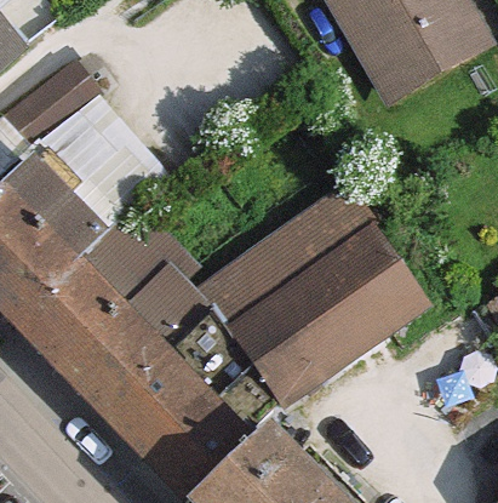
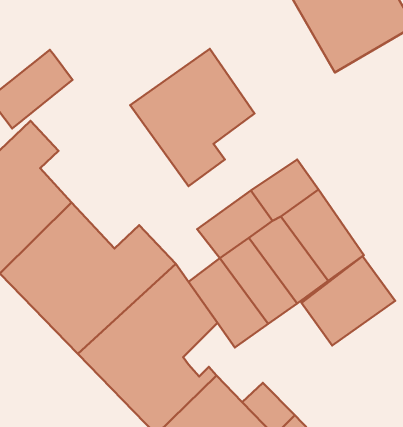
building: none -> [130,49,254,186]
building: none -> [301,256,395,346]

